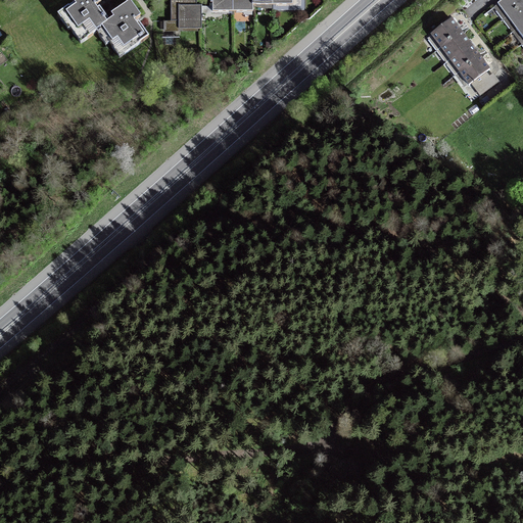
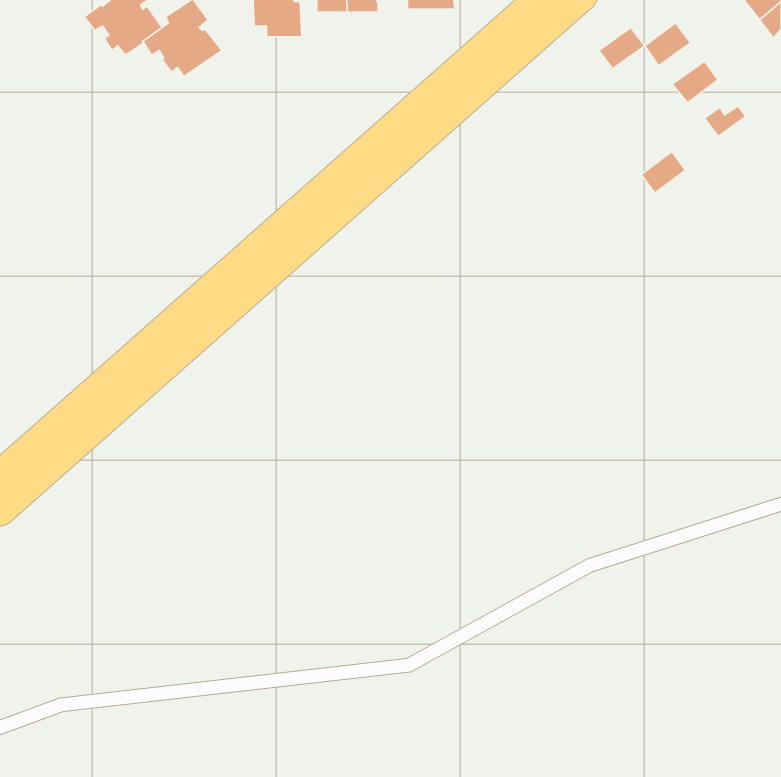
building: [439,29,470,56] -> [599,28,645,69]
building: [459,53,488,81] -> [641,152,685,193]

